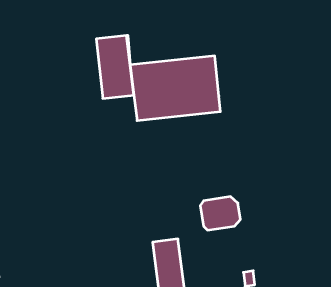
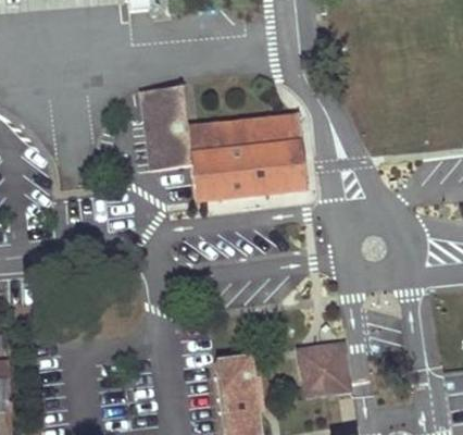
building: [200,197,240,230] -> [293,348,347,393]

